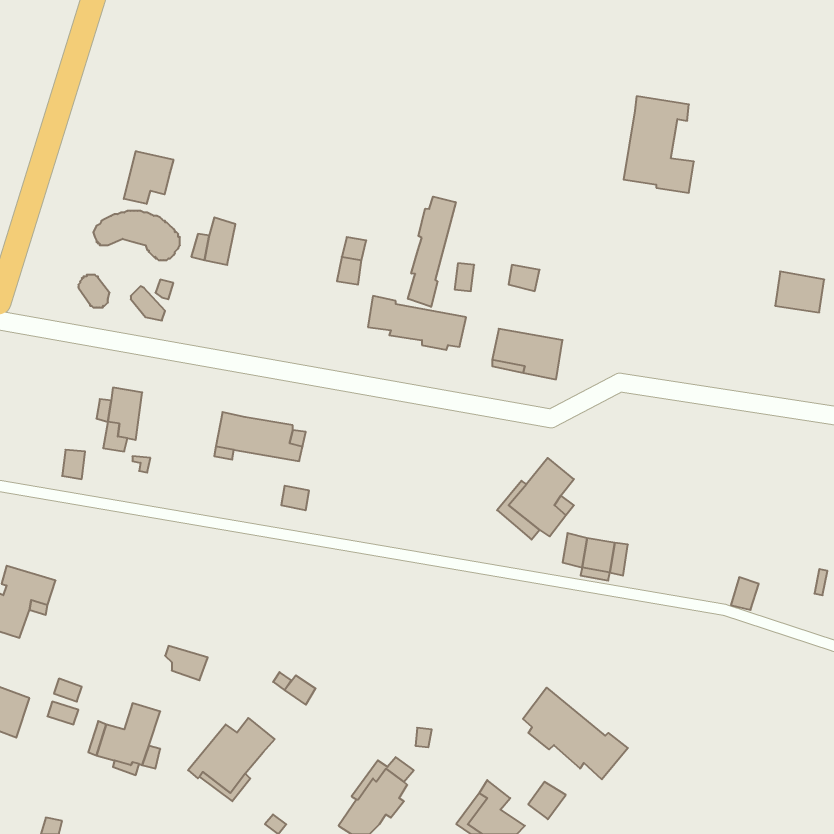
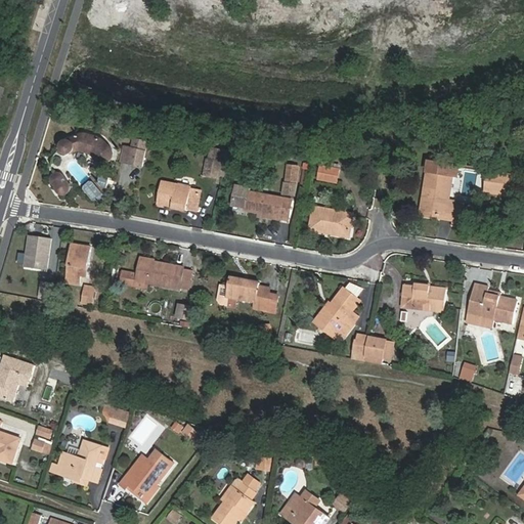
building: [624,96,694,193] -> [420,161,464,221]
building: [124,151,173,204] -> none
building: [408,197,456,307] -> none
building: none -> [157,181,200,213]
building: none -> [25,235,51,269]
building: none -> [226,276,268,310]
building: none -> [401,282,445,311]
building: none -> [469,283,517,323]
building: [523,688,628,779] -> none

